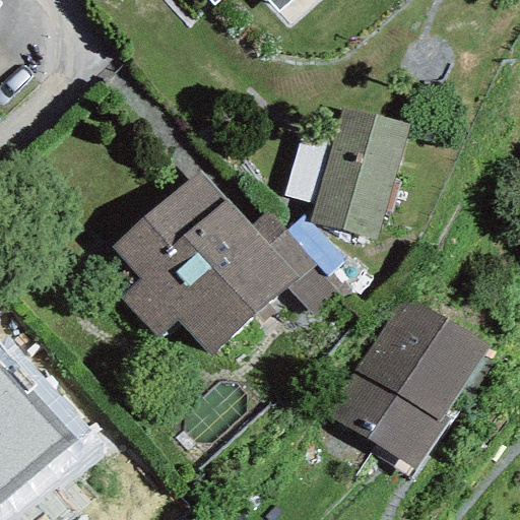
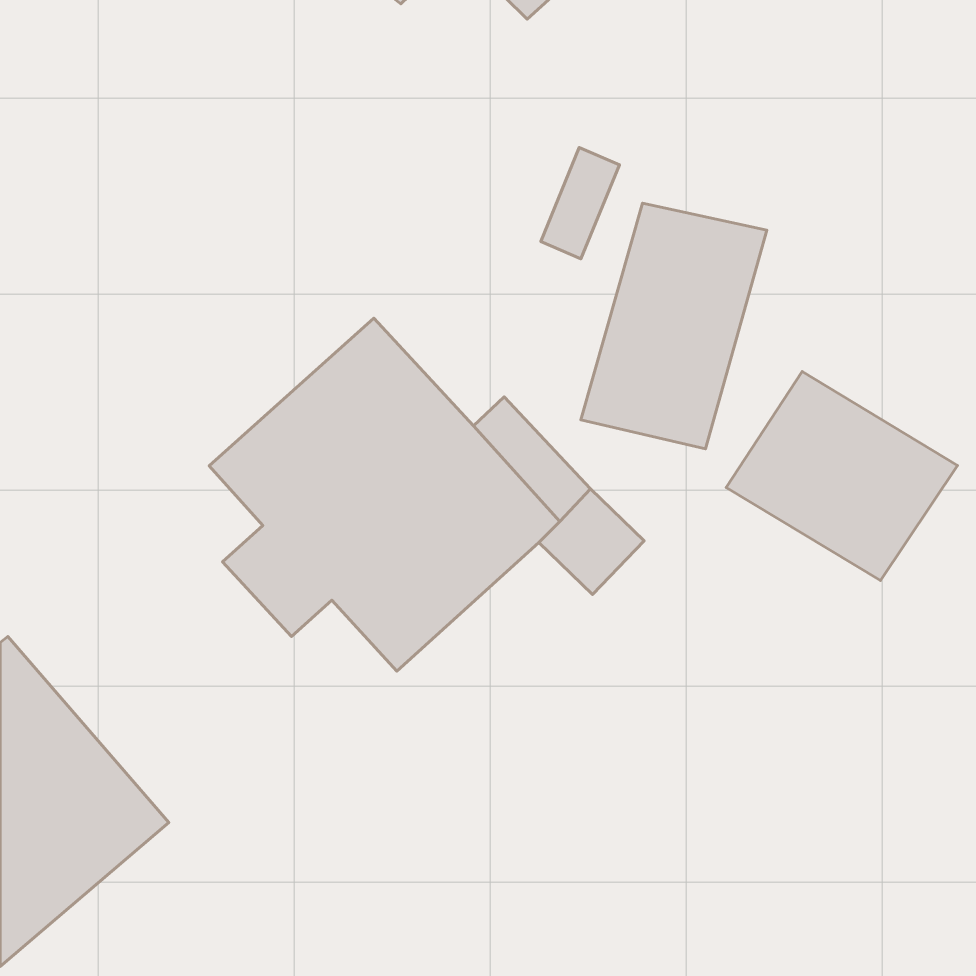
building: none -> [726,371,957,580]
building: [325,294,490,469] -> none

